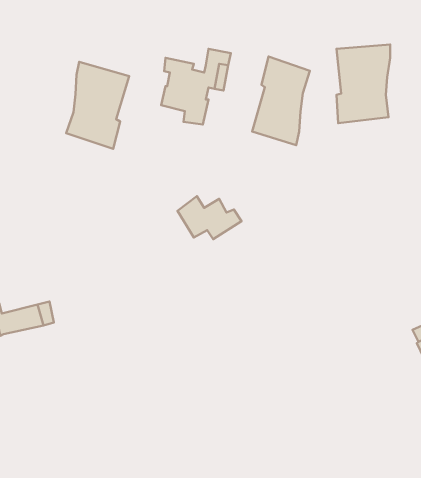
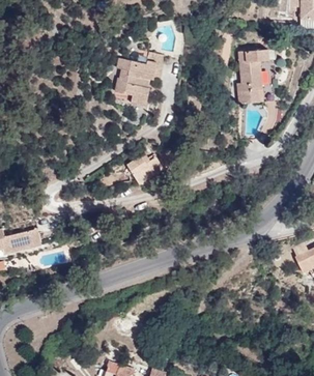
building: [252,56,310,145] -> none
building: [66,62,129,149] -> none

